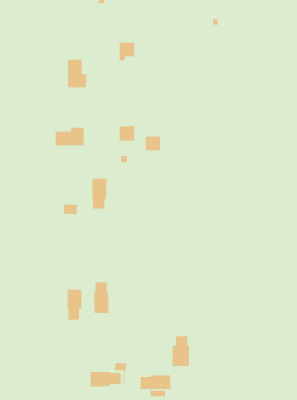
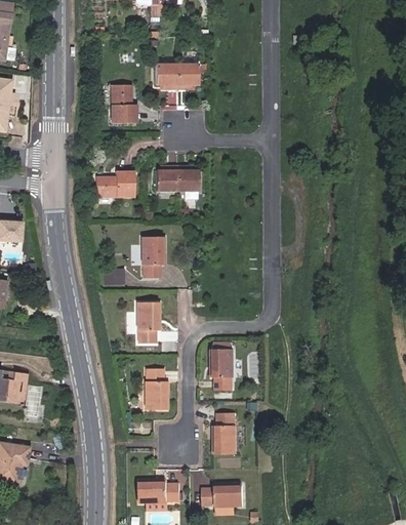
building: none -> [156,64,177,88]
building: [145,136,161,151] -> [157,170,177,190]
building: none -> [212,348,234,388]
building: [67,289,82,320] -> [138,301,158,341]
building: [172,335,190,367] -> [214,412,237,452]

